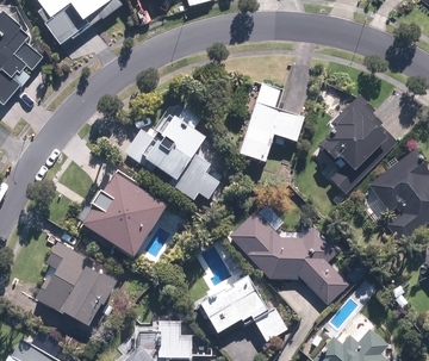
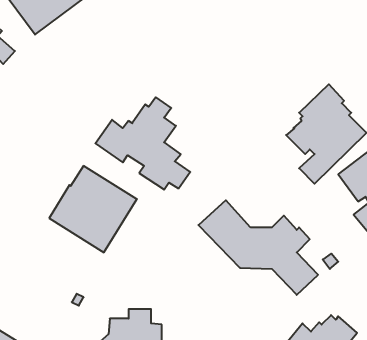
building: [238,81,304,160] -> none
building: [33,239,116,323] -> none
building: [199,273,287,342] -> none

